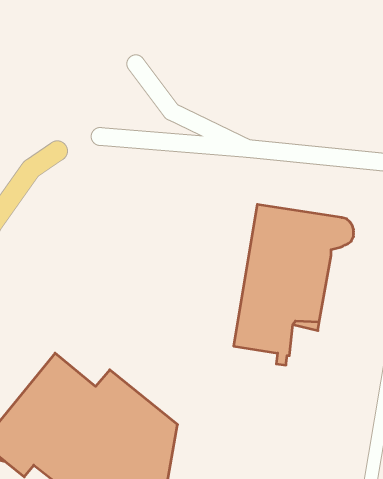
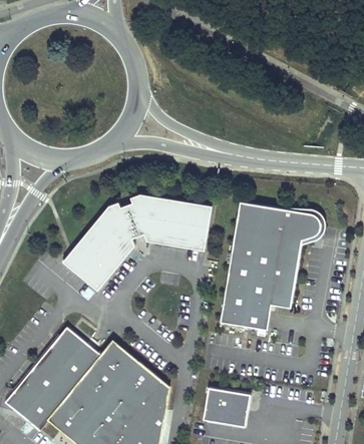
building: none -> [62,193,211,290]
building: none -> [203,388,251,427]

